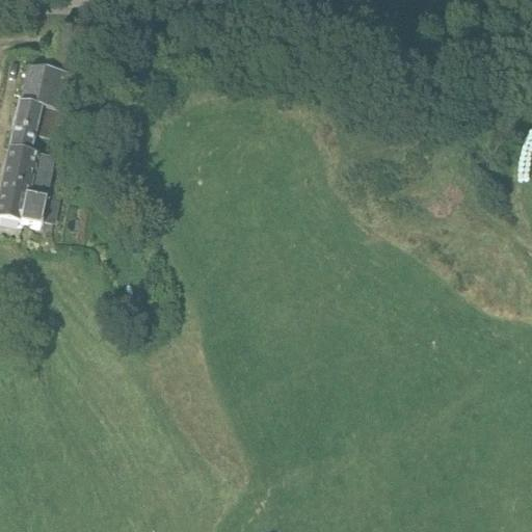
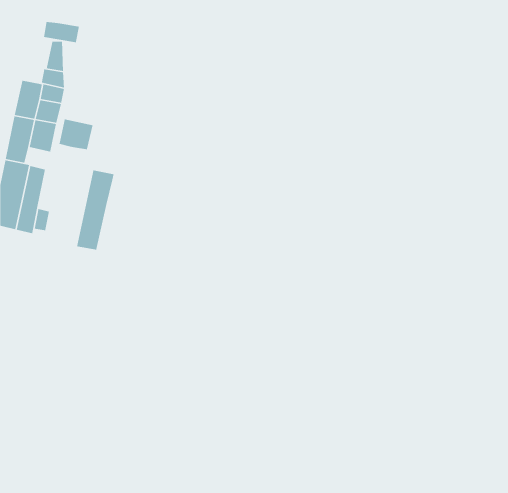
building: none -> [43,21,80,43]
building: none -> [58,119,93,150]
building: none -> [76,170,115,251]

